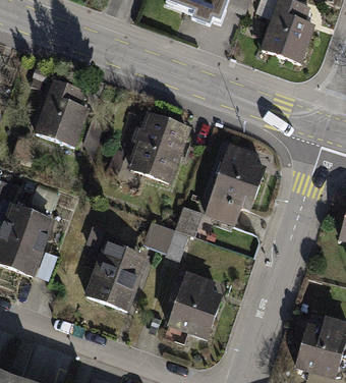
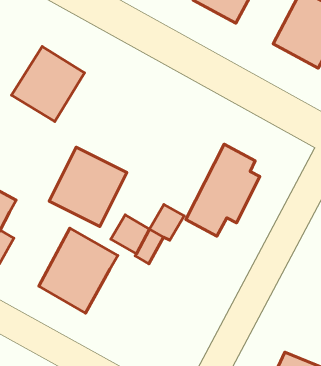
building: [126,114,190,180] -> [49,147,127,226]
building: [165,270,222,340] -> none

